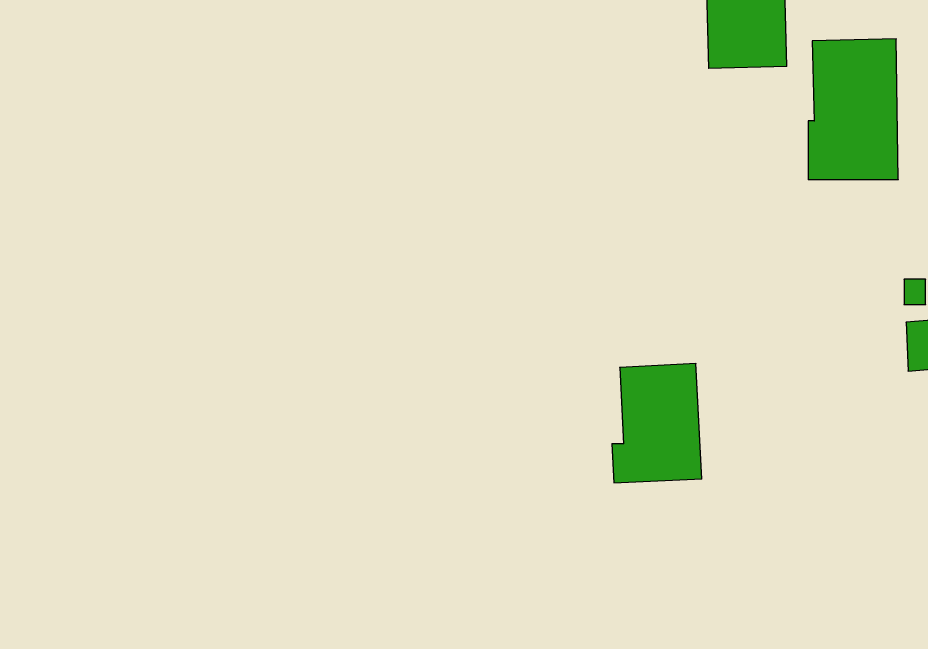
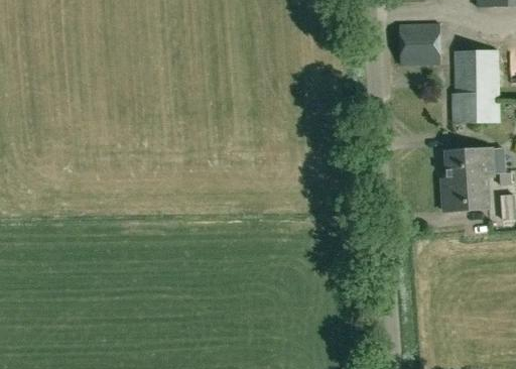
building: [612,364,702,483] -> [443,148,490,210]

